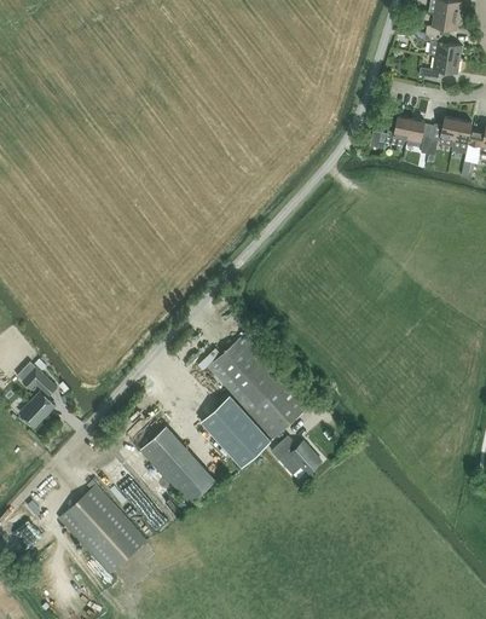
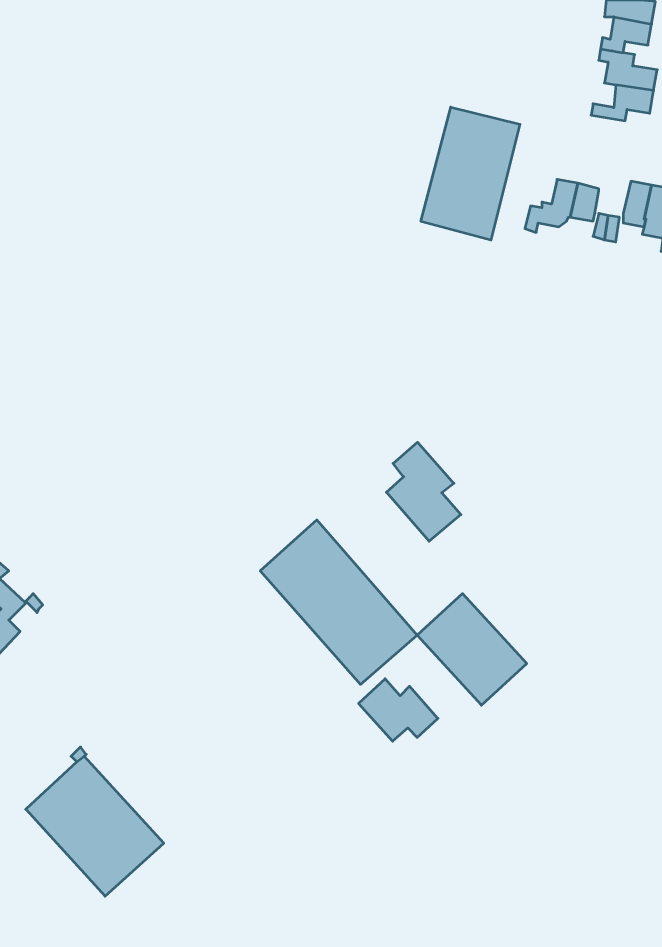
building: none -> [421,107,520,240]
building: none -> [386,442,461,541]
building: [201,395,271,467] -> [417,594,527,705]
building: [140,426,215,504] -> none

